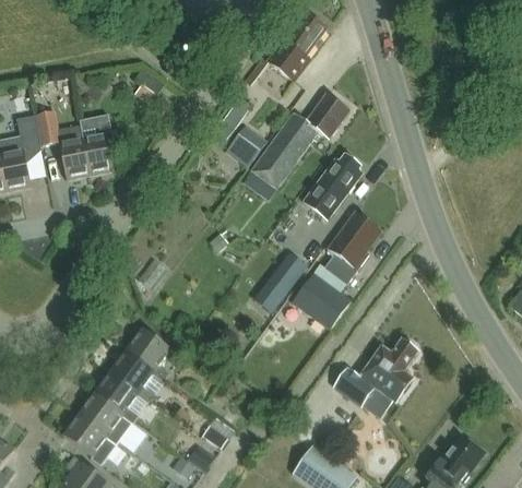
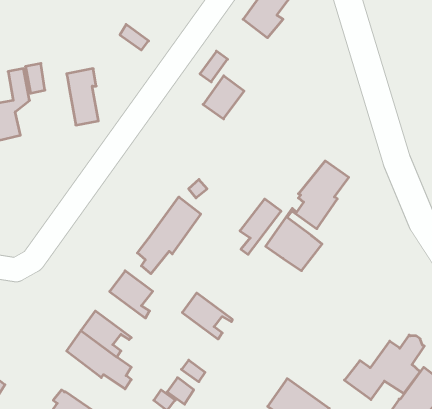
building: [250,92,349,190] -> none
building: [59,124,90,179] -> none
building: [302,153,361,221] -> none
building: none -> [137,197,201,274]
building: [333,340,418,408] -> [344,335,424,400]
building: [110,352,164,401] -> [182,293,232,339]
building: [63,415,117,466] -> none

